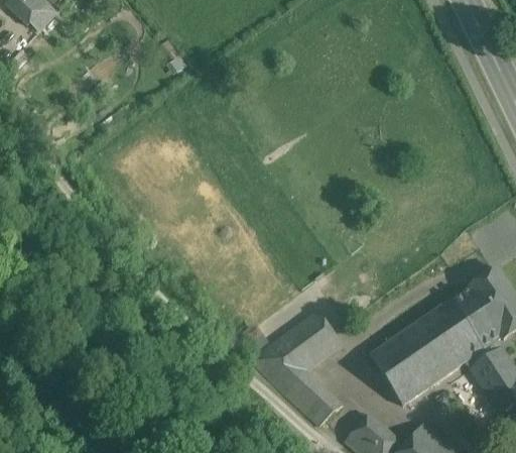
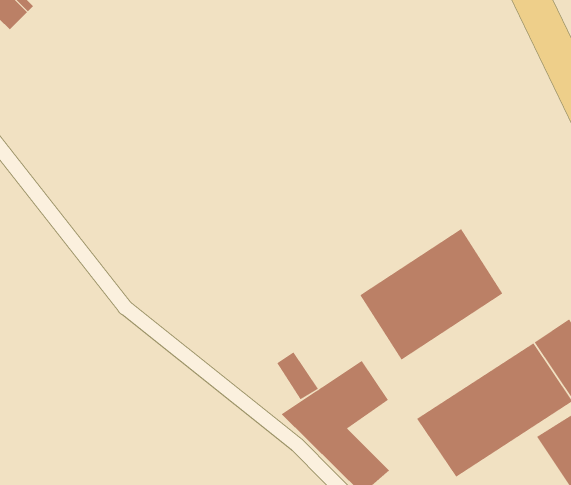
building: none -> [359,228,503,360]
building: none -> [276,352,319,400]

